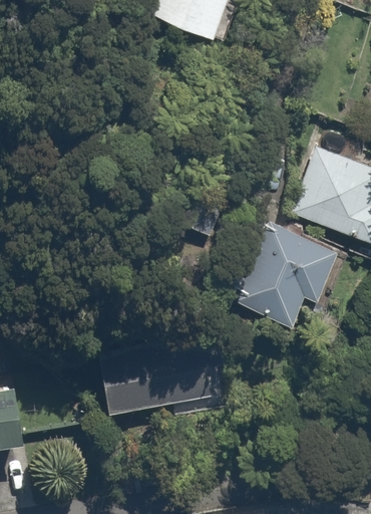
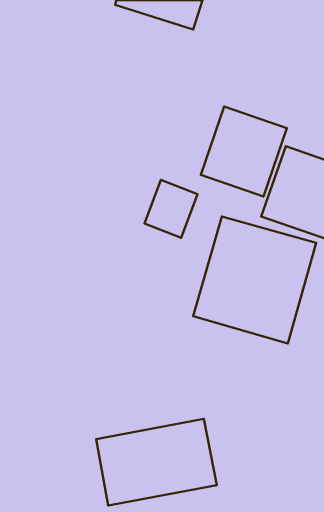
building: none -> [201,106,287,196]
building: [99,329,219,415] -> [96,419,217,505]

